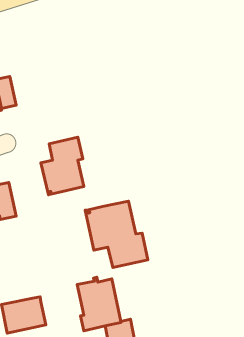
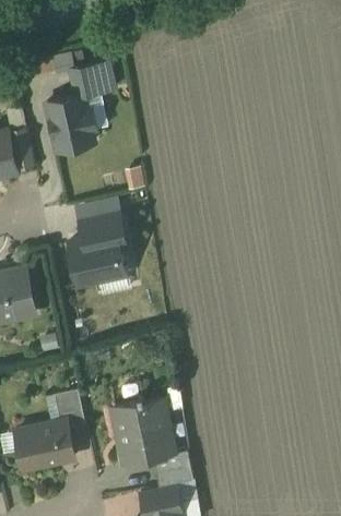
building: none -> [50,65,117,159]
building: [85,201,148,267] -> none
building: none -> [52,389,84,428]

